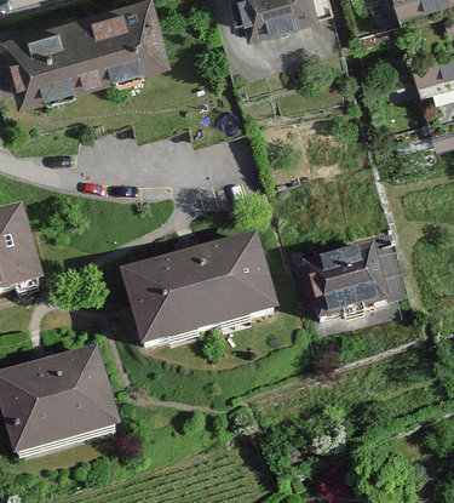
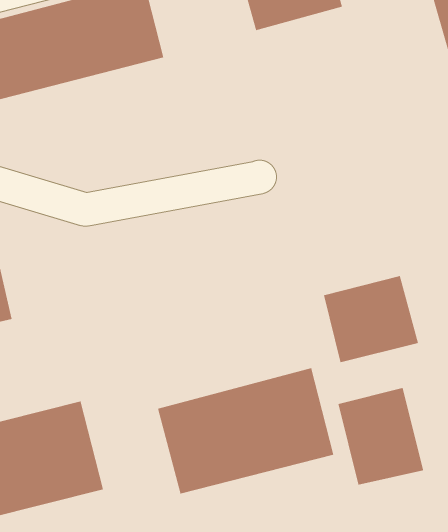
building: [123,234,276,343] -> [157,368,334,494]
building: none -> [338,387,424,486]

